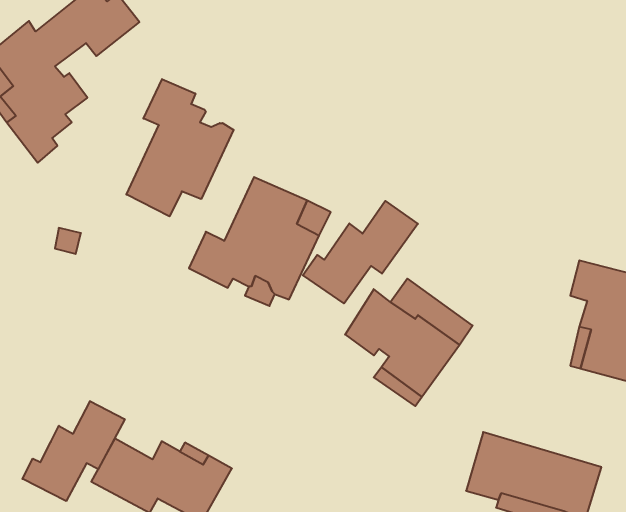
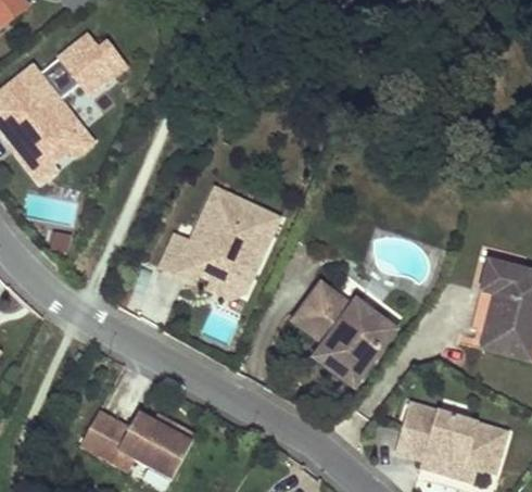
building: [126,79,234,216] -> none
building: [303,201,418,303] -> none
building: [22,401,125,501] -> none

